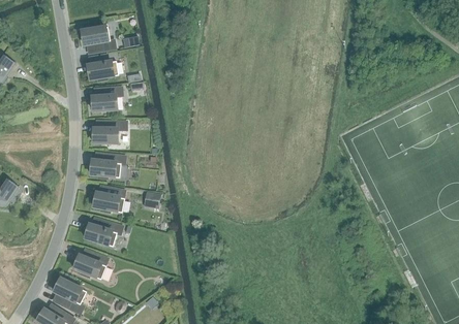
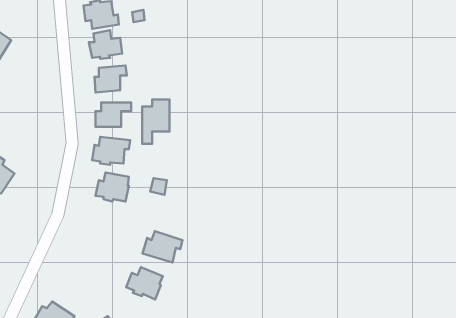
building: none -> [142,99,170,144]
building: [85,218,122,247] -> [143,231,183,262]
building: [73,250,108,280] -> [126,267,163,300]
building: [54,279,86,314] -> none

